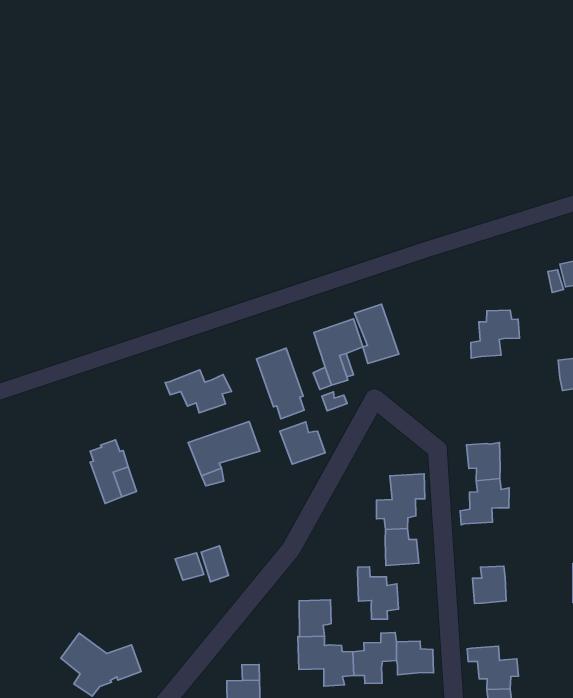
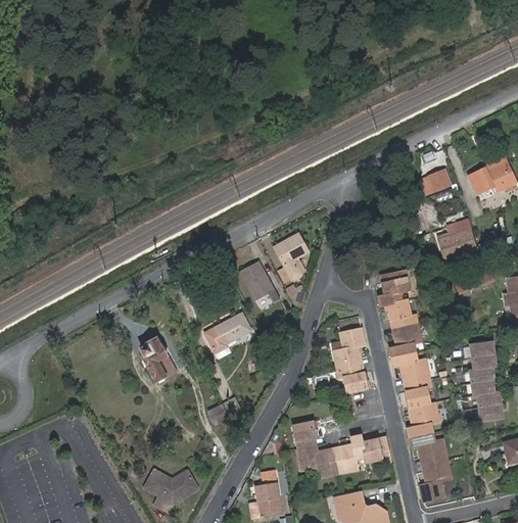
building: [354,304,399,363] -> none
building: [471,310,520,358] -> [378,270,410,305]
building: [165,370,232,413] -> none
building: [280,422,325,464] -> none
building: none -> [393,350,428,382]
building: [357,567,398,619] -> none
building: none -> [410,401,438,436]

